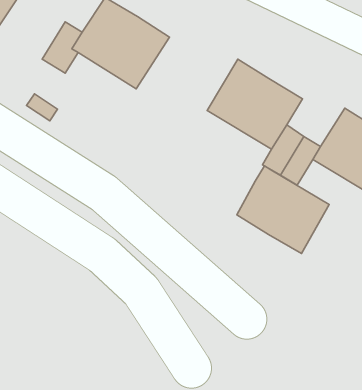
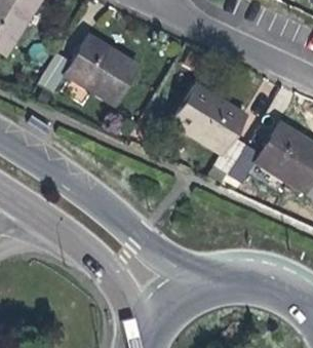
building: [237,166,329,253] -> none

